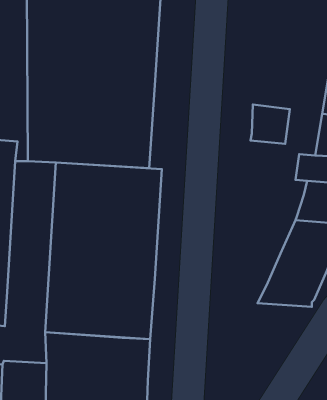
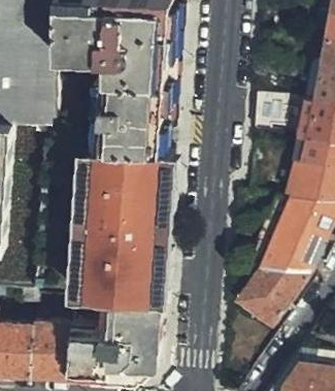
building: none -> [233,272,304,327]

